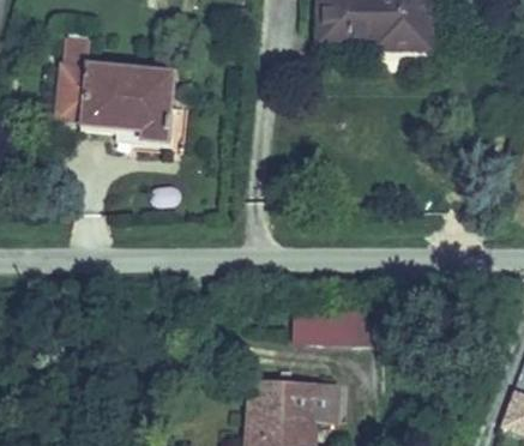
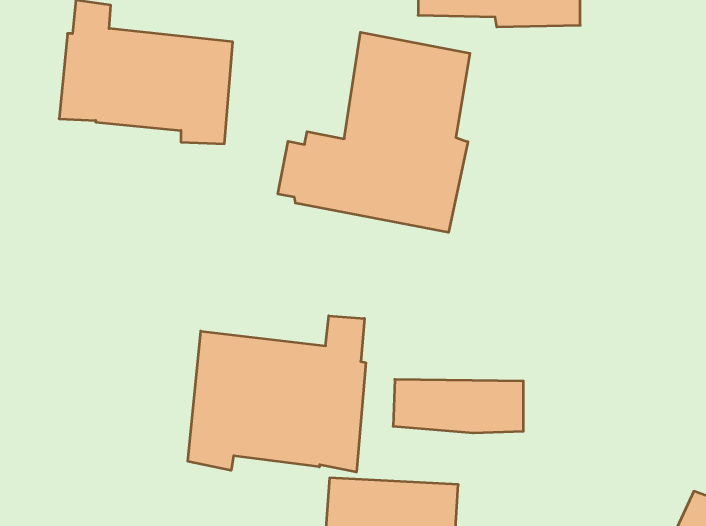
building: none -> [278,32,470,232]
building: none -> [188,316,366,472]

